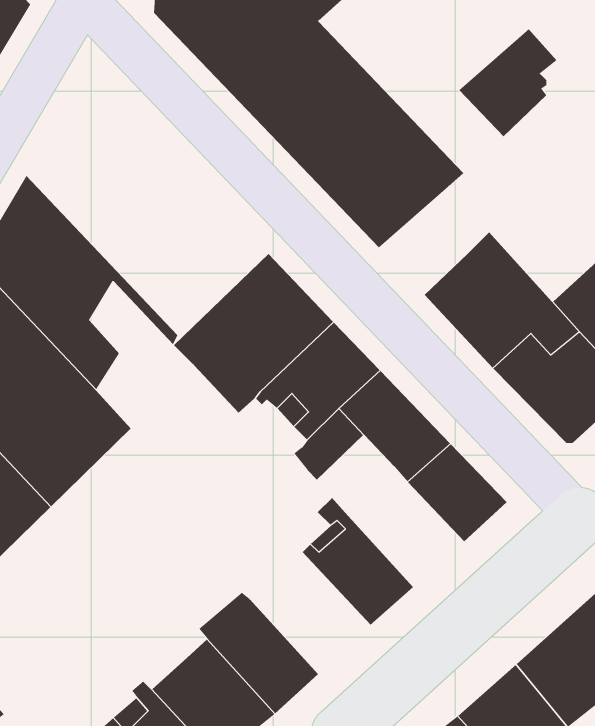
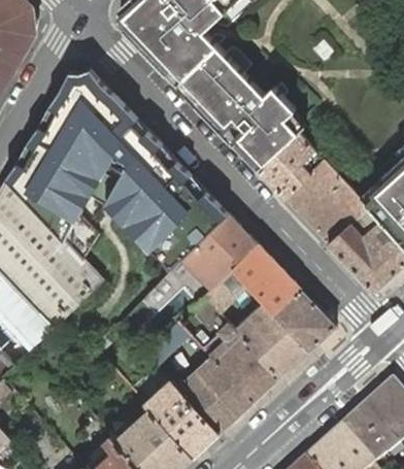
building: [459,29,557,137] -> [256,131,316,198]
building: none -> [38,68,188,229]
building: none -> [235,304,308,378]
building: none -> [176,357,250,432]

